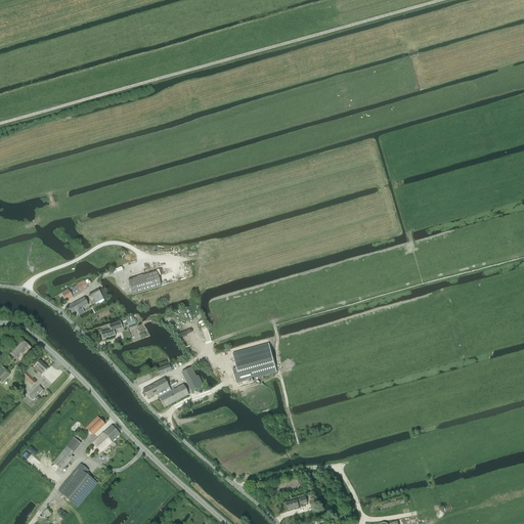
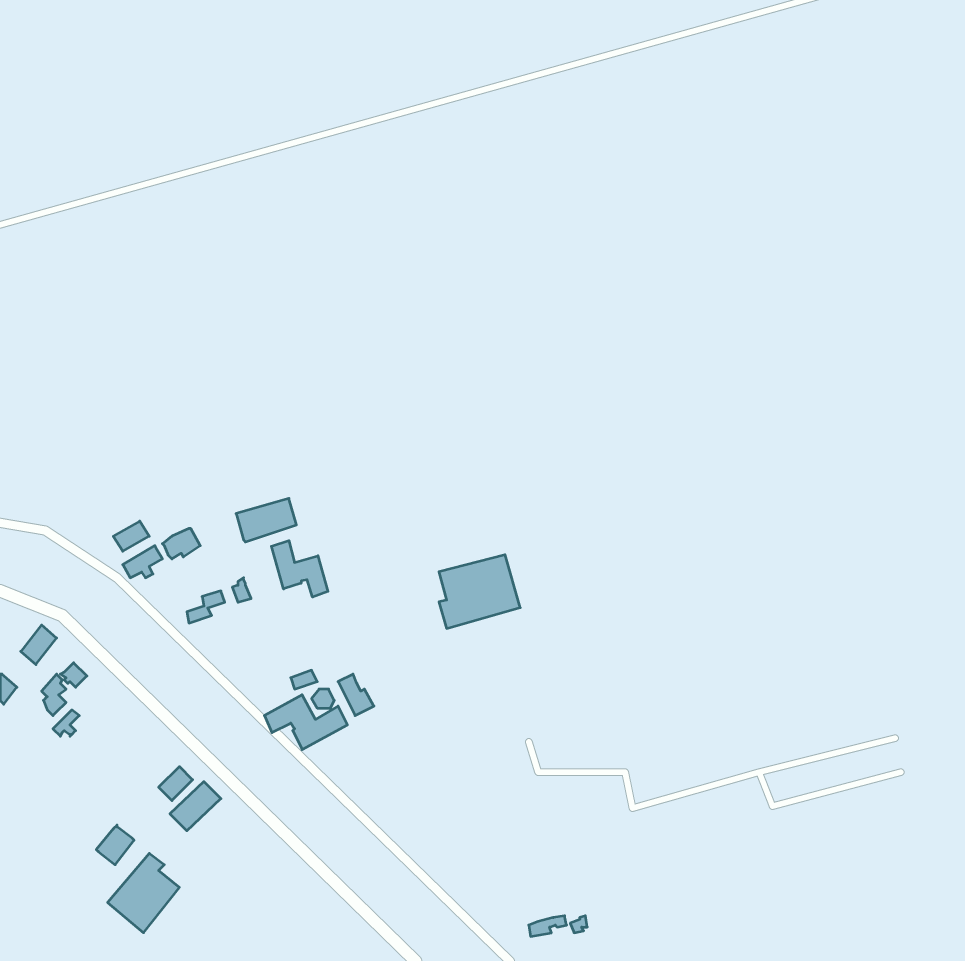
building: none -> [271,541,328,597]
building: [232,342,276,382] -> [439,555,520,628]

